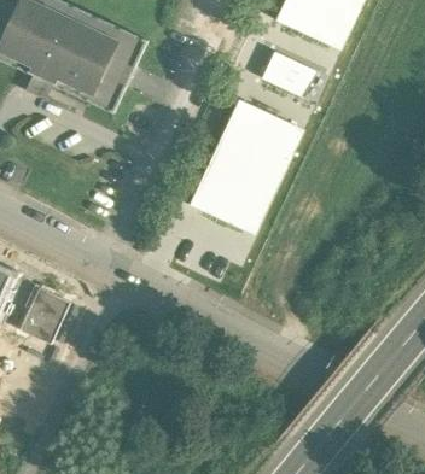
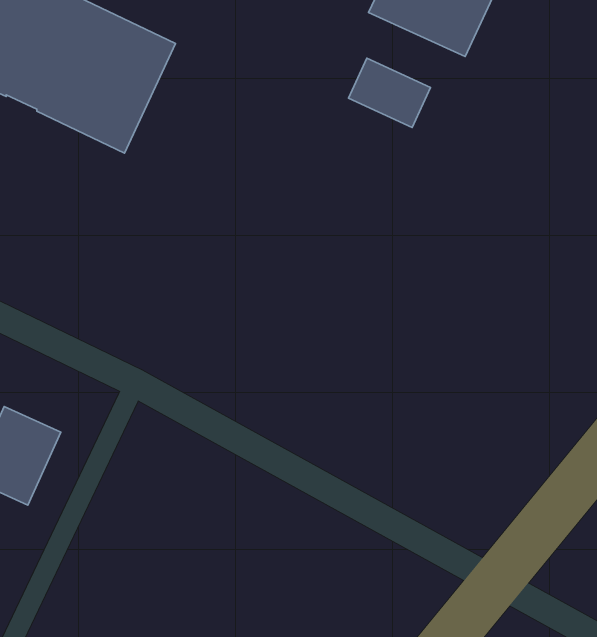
building: [186,100,301,236] -> none

